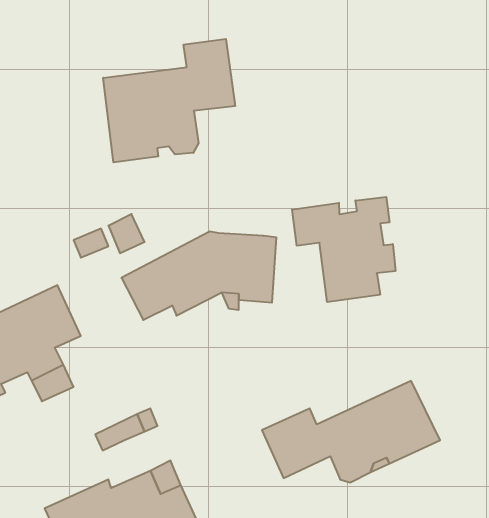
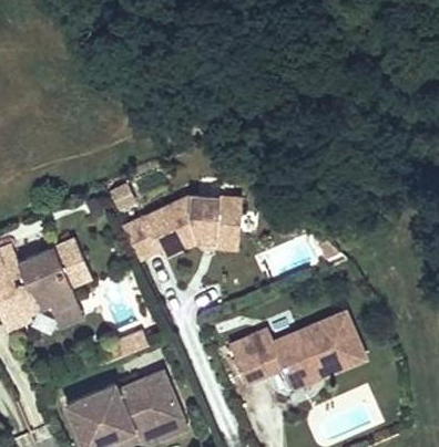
building: [103,39,235,162] -> none
building: [292,197,395,302] -> none

